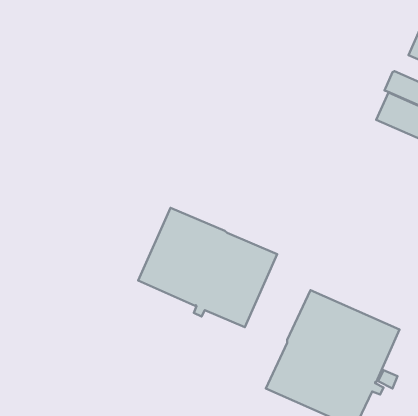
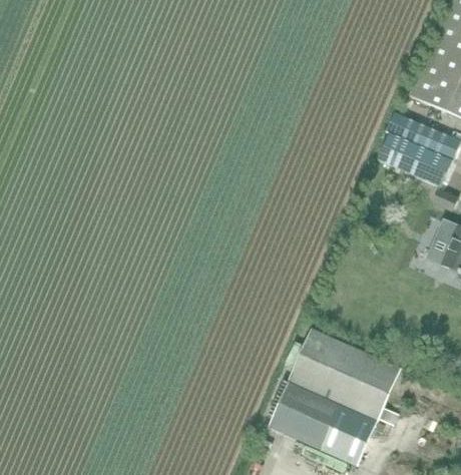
building: [138,208,277,327] -> none

